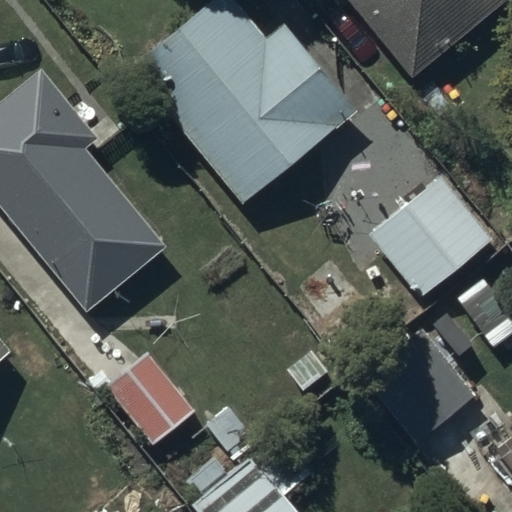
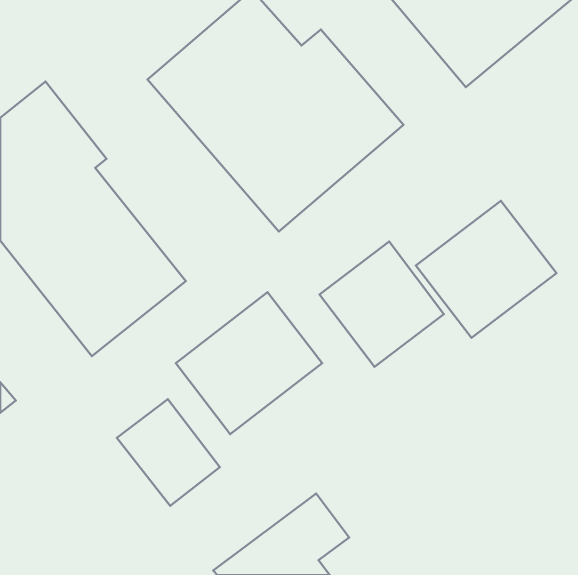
building: none -> [320,241,444,367]
building: none -> [176,292,322,434]
building: [359,329,477,447] -> none

